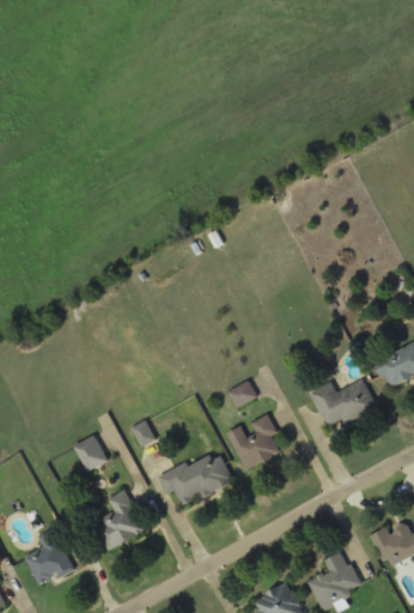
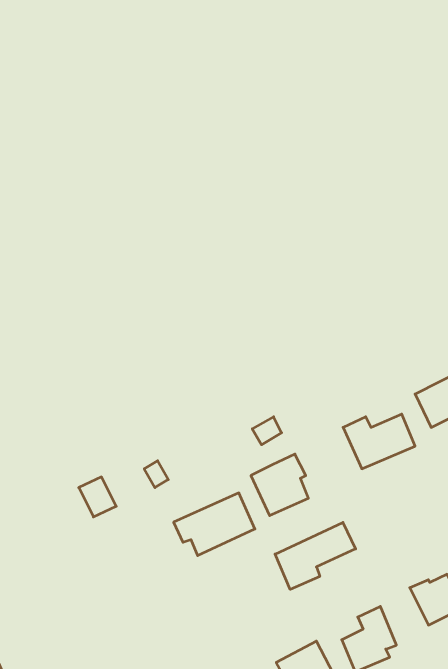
building: none -> [275,522,356,589]
building: [93,490,145,550] -> none
building: [24,528,73,584] -> none

